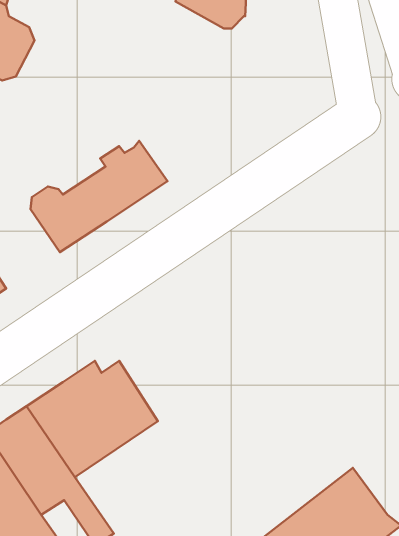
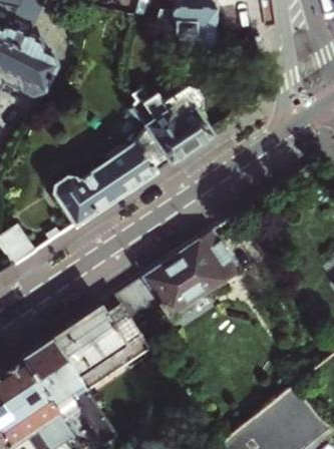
building: none -> [132,87,212,170]
building: none -> [115,231,241,330]

